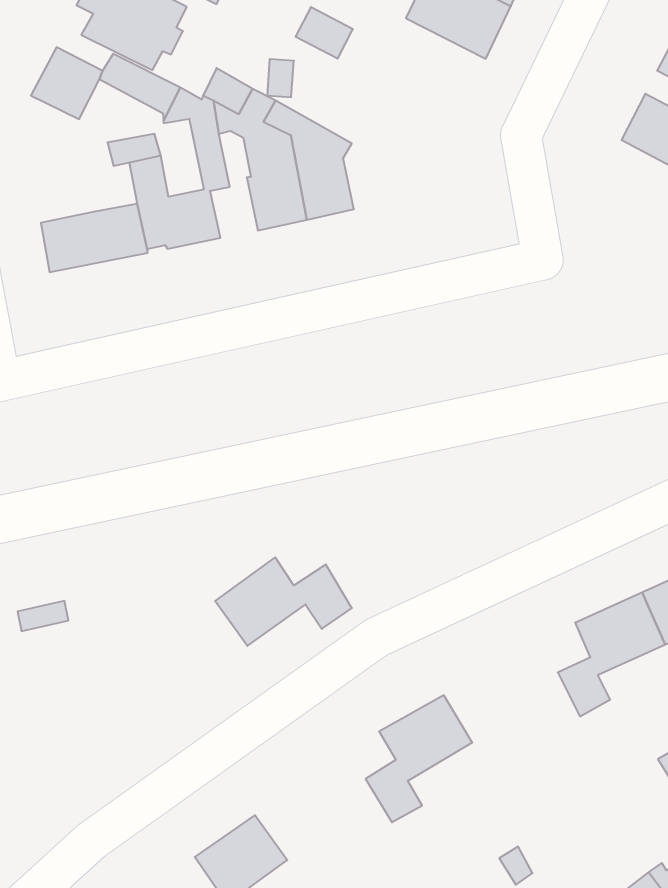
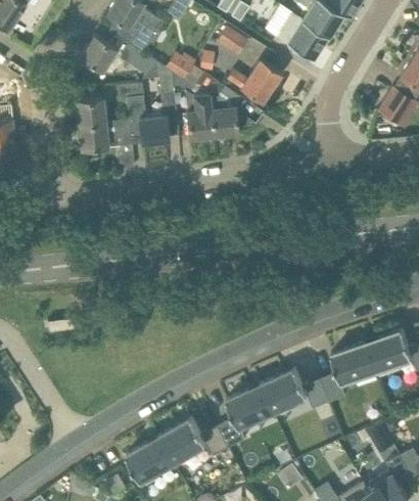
building: none -> [228,59,281,102]
building: none -> [76,97,106,125]
building: [215,557,352,646] -> [159,418,229,462]
building: none -> [262,369,330,411]

